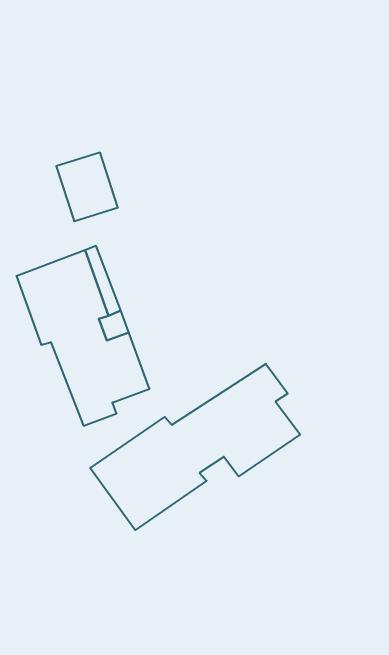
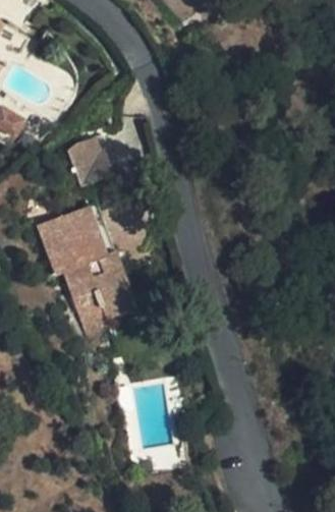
building: [90,364,300,530] -> none

